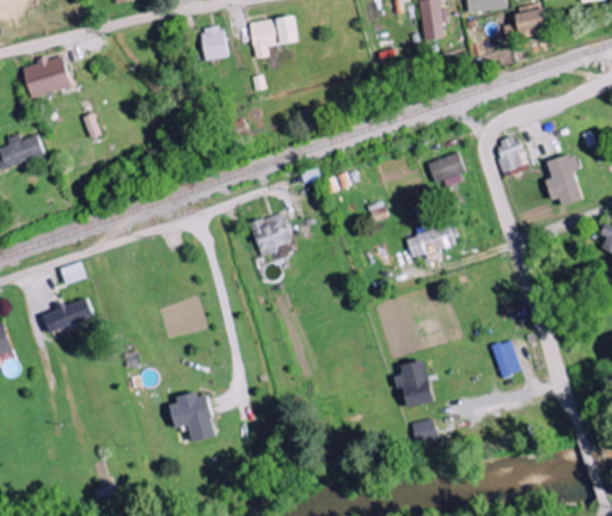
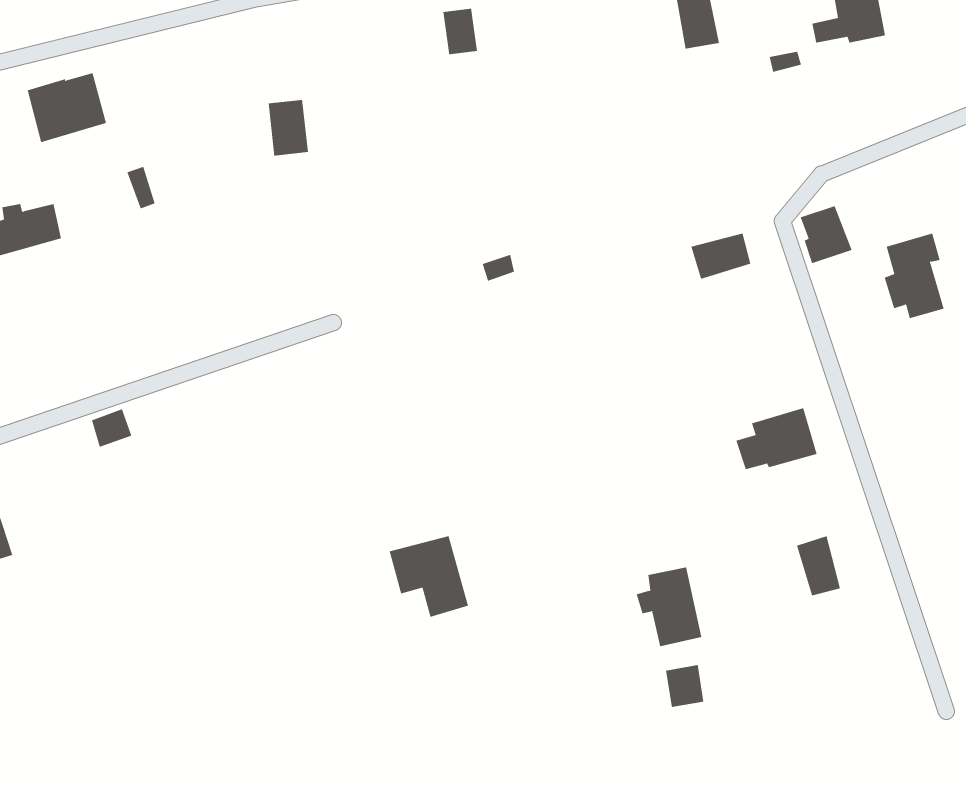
building: [250,19,277,60] -> none
building: [201,26,226,61] -> [268,99,309,156]
building: [250,213,293,254] -> none
building: [406,220,457,258] -> [735,407,817,470]
building: [43,299,94,333] -> none
building: [169,391,218,441] -> [389,535,469,618]

